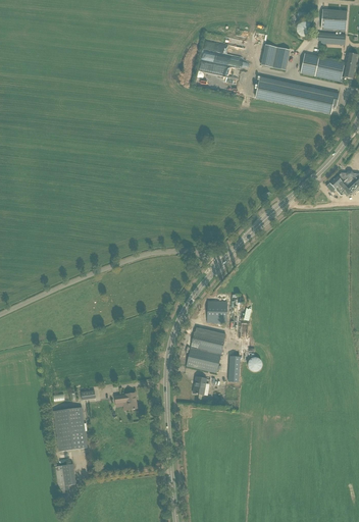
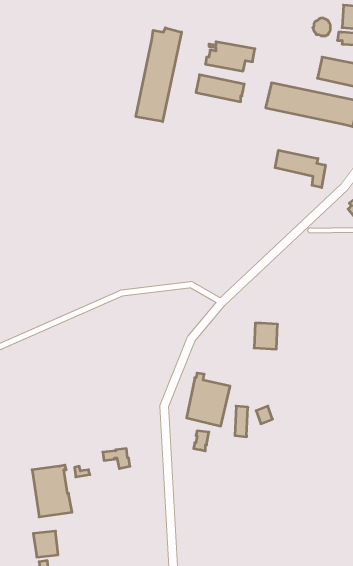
building: none -> [136,28,182,122]
building: [259,43,289,68] -> none
building: none -> [275,150,325,188]
building: [207,300,227,322] -> [254,323,278,349]

